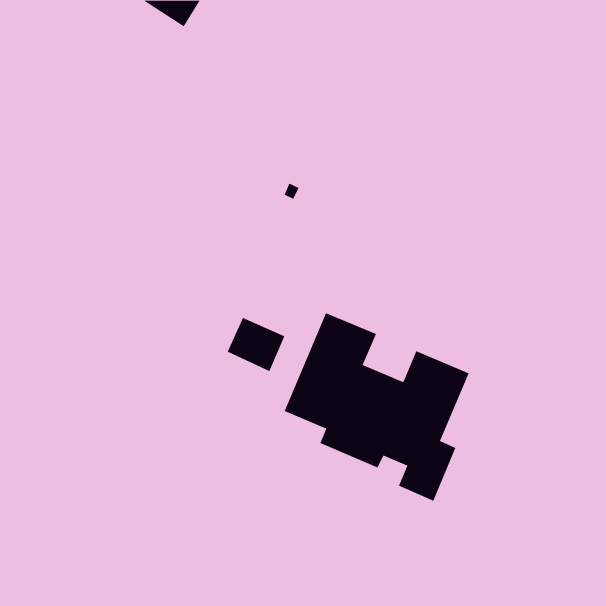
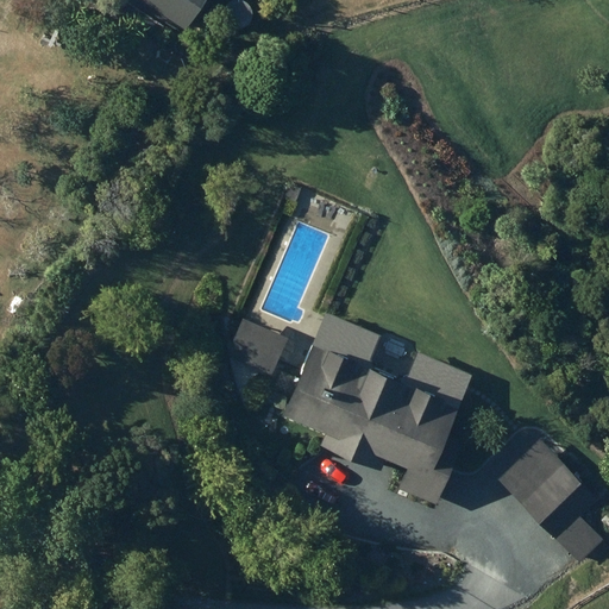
building: none -> [500,440,601,559]

